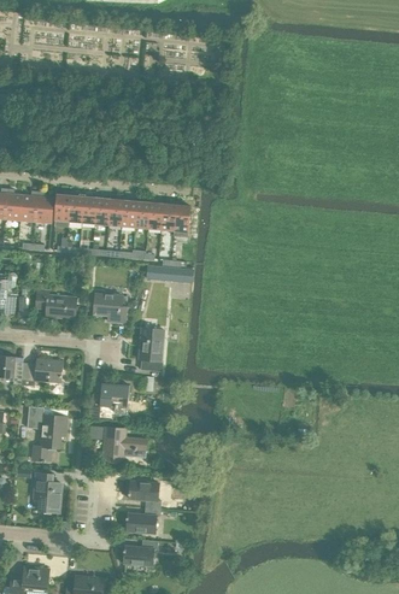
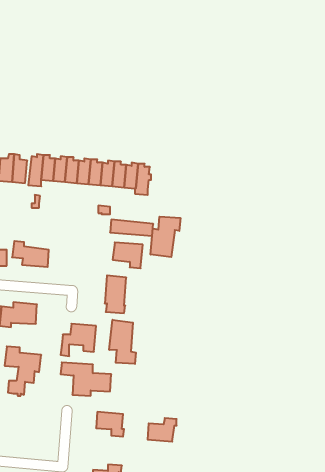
building: none -> [151,217,180,257]
building: [92,294,125,323] -> [113,242,143,268]
building: none -> [109,320,136,364]
building: [30,472,60,512] -> none
building: [125,507,158,534] -> [148,418,177,442]

